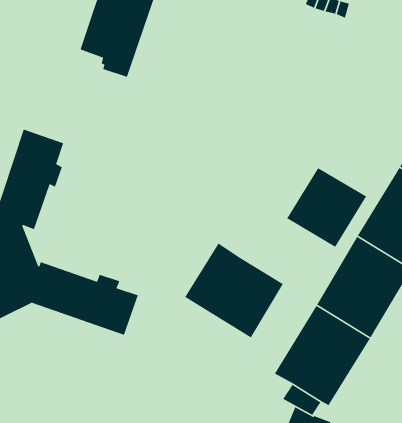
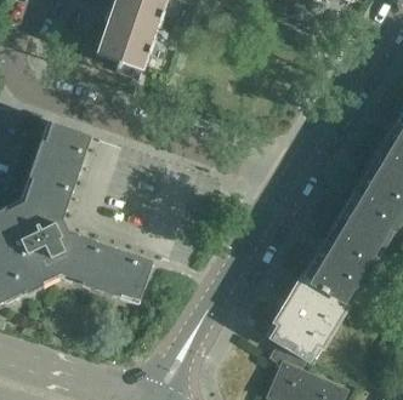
building: [286,167,367,248] -> none
building: [184,243,284,338] -> none

